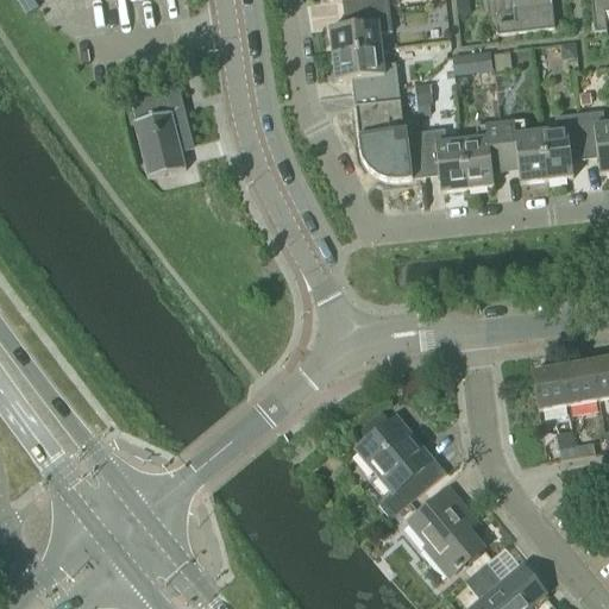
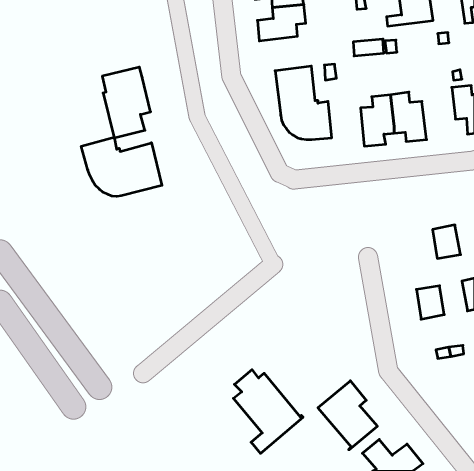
building: [333,46,400,90] -> none
building: [541,112,584,178] -> none
building: [421,127,467,190] -> none
building: none -> [81,137,162,196]
building: [564,359,599,402] -> [433,225,461,258]
building: [357,409,446,516] -> [233,370,303,453]

